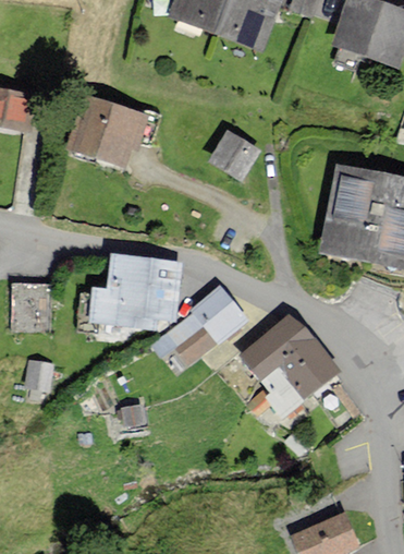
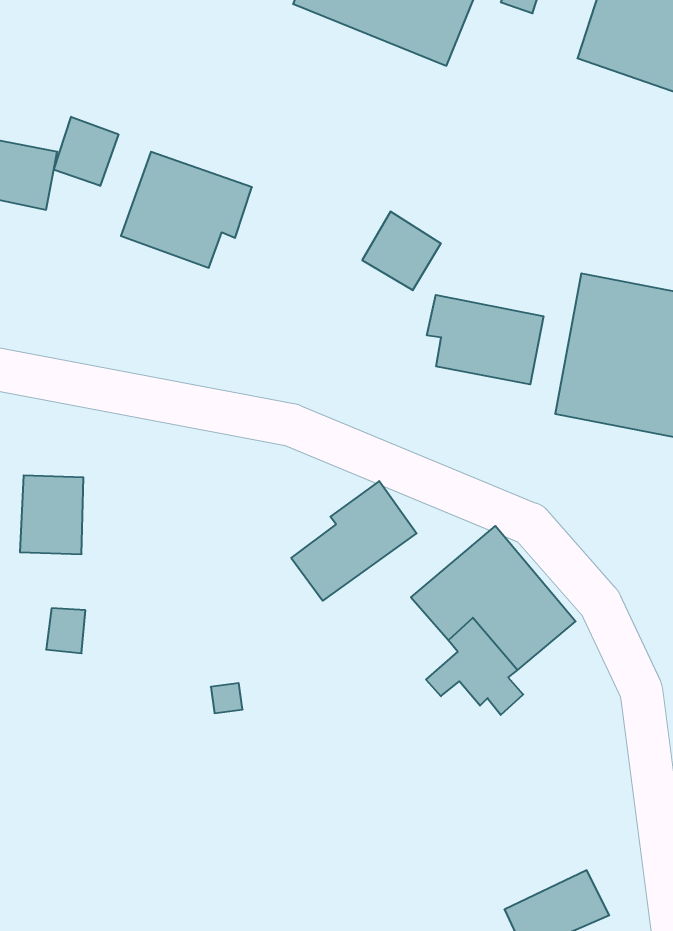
building: none -> [54,117,118,186]
building: none -> [427,295,544,384]
building: [90,254,180,327] -> none

